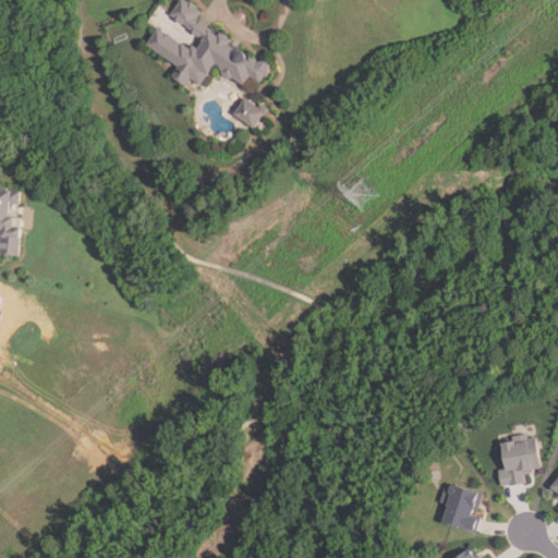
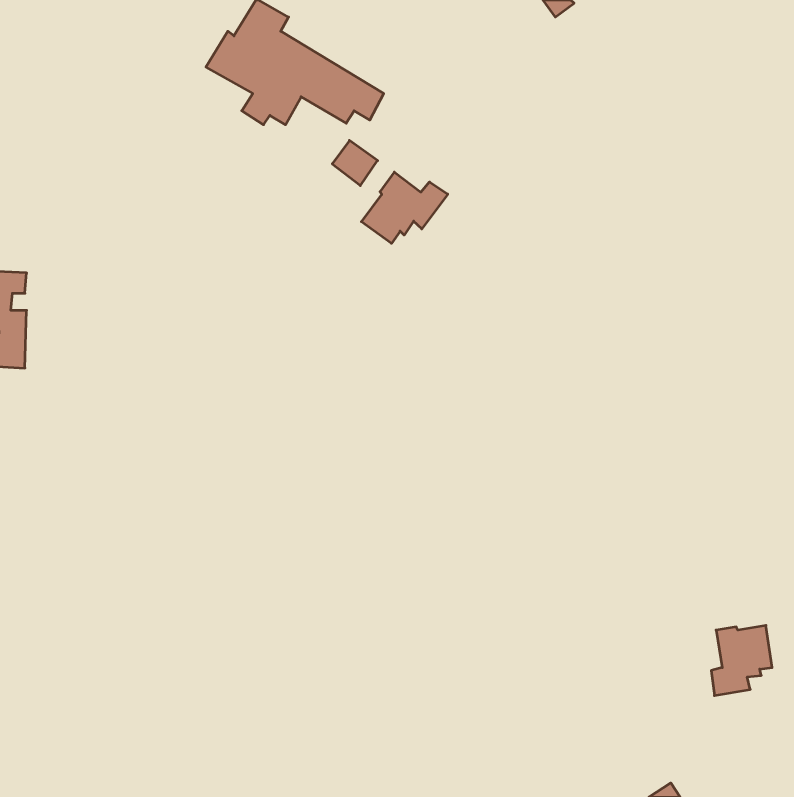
building: none -> [361,172,448,243]
building: [439,483,483,532] -> none

